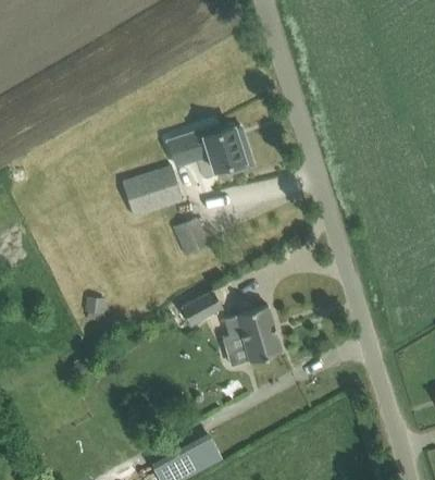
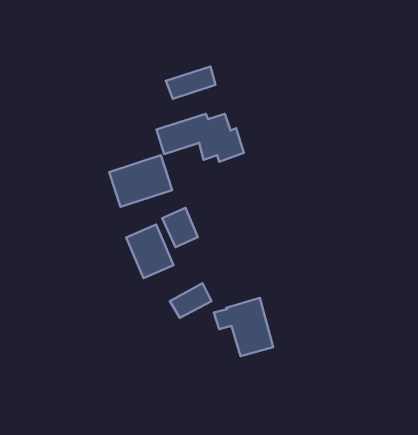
building: none -> [166,67,215,99]
building: none -> [126,224,173,278]

